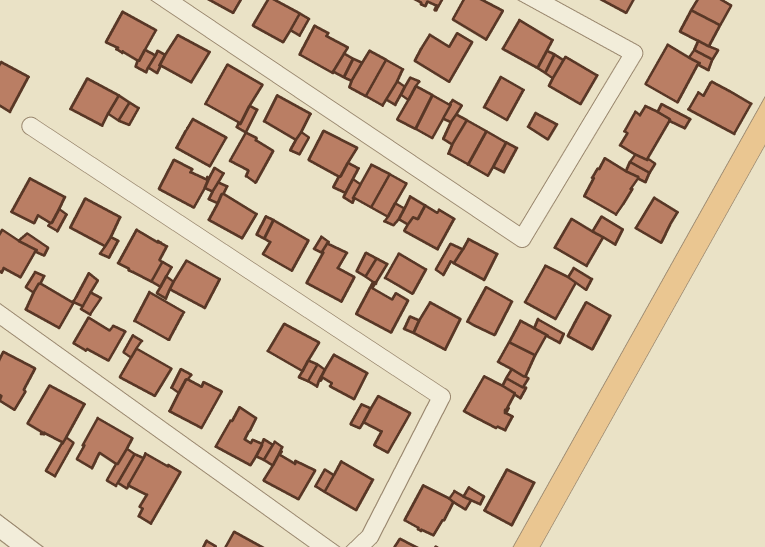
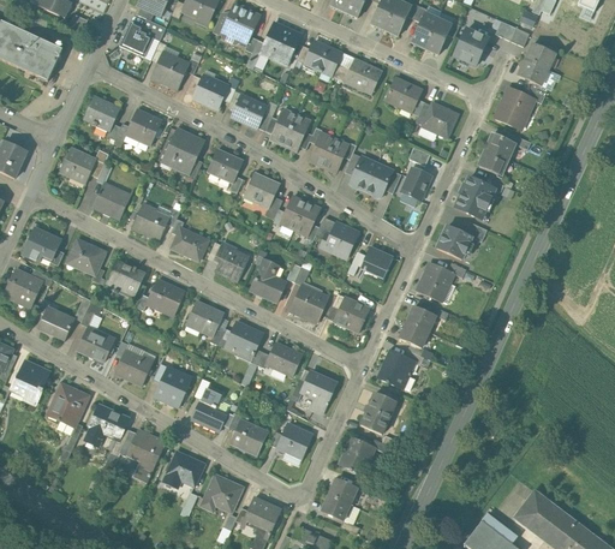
building: [415,33,472,82] -> none
building: [484,77,524,120] -> [401,167,430,199]
building: [688,82,751,134] -> none
building: [176,119,226,166] -> [92,184,130,219]
building: [230,132,273,183] -> none
building: [636,198,678,243] -> none
building: [385,254,426,294] -> none
building: [467,287,512,335] -> none
building: [134,292,184,340] -> [186,300,223,335]
building: [568,302,610,349] -> none
building: [484,470,534,525] -> [360,392,396,434]
building: none -> [162,450,204,487]

